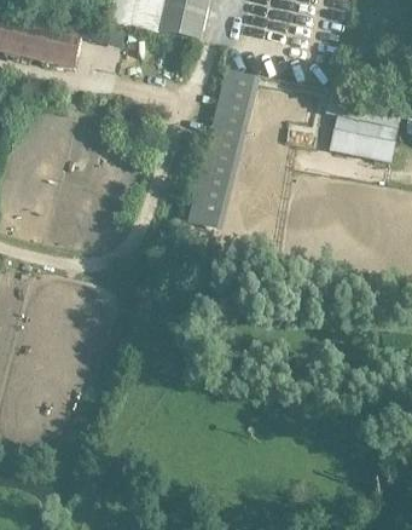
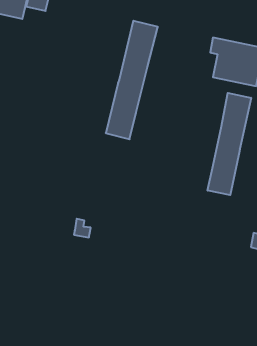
building: none -> [208,93,251,195]

